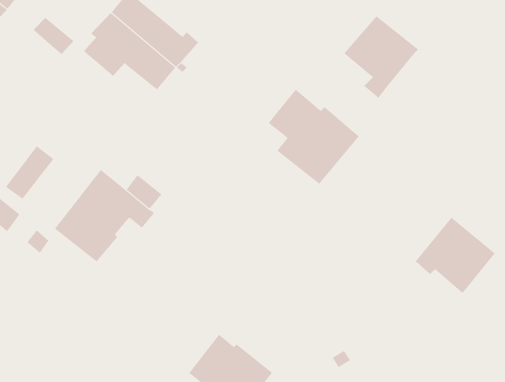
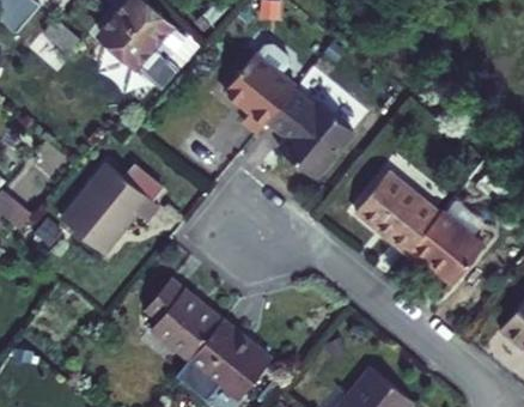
building: [343,16,419,99] -> [224,54,295,133]
building: none -> [355,170,440,253]
building: none -> [146,279,221,362]

